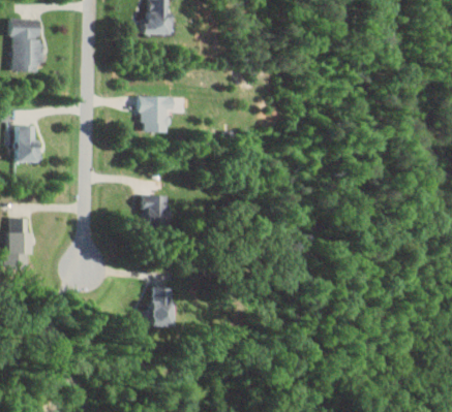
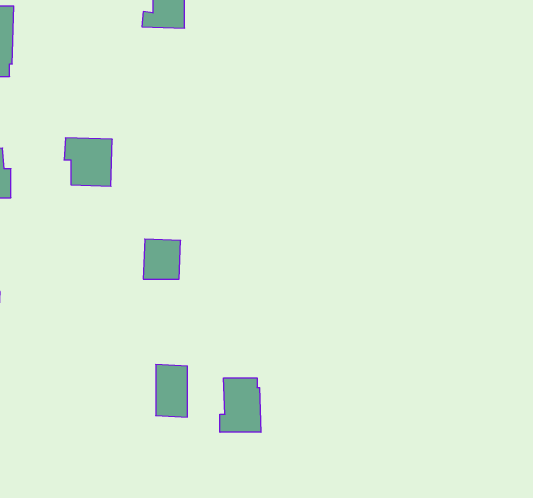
building: [137,97,173,133] -> [64,138,112,186]
building: none -> [220,378,261,432]

